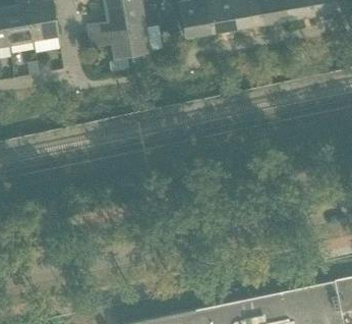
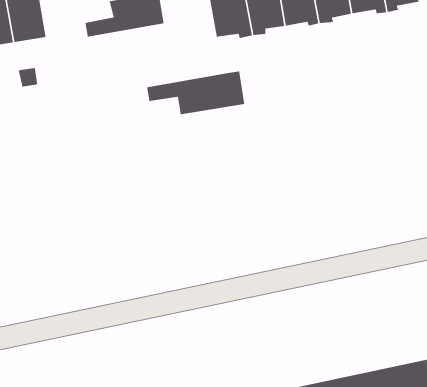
building: [89,24,163,58] -> [146,70,245,115]

